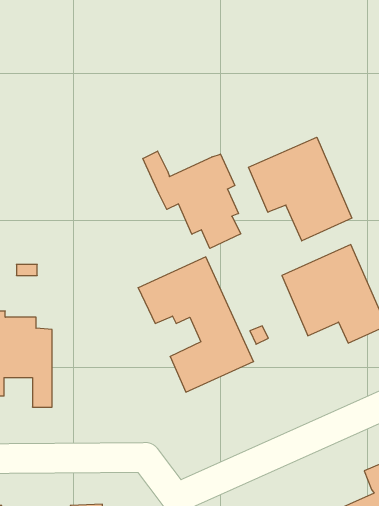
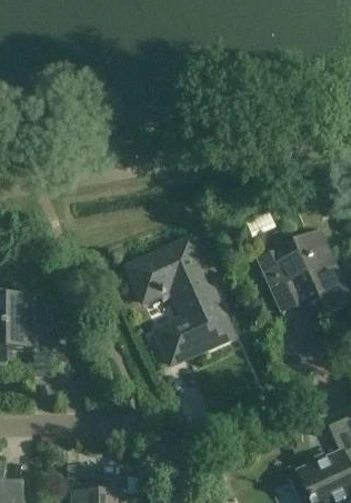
building: [249,137,352,241] -> none
building: [143,151,241,248] -> none

